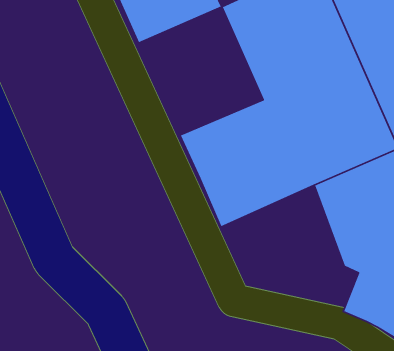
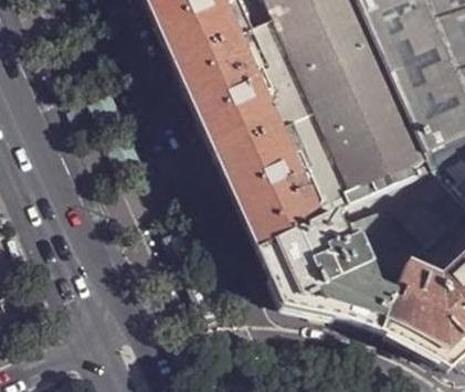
building: none -> [171,17,295,145]
building: none -> [253,194,390,320]

